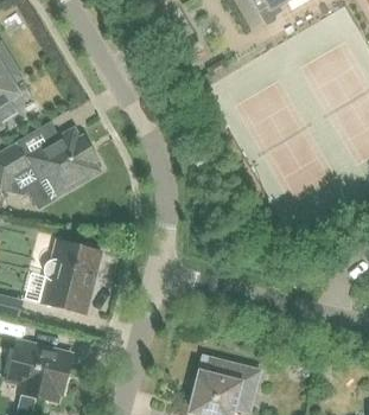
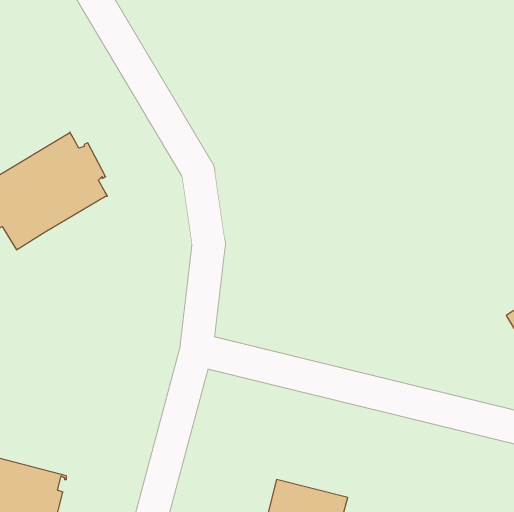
building: [43,240,100,311] -> none

